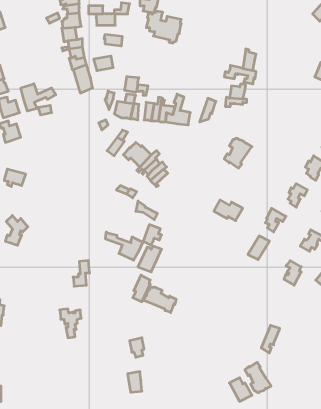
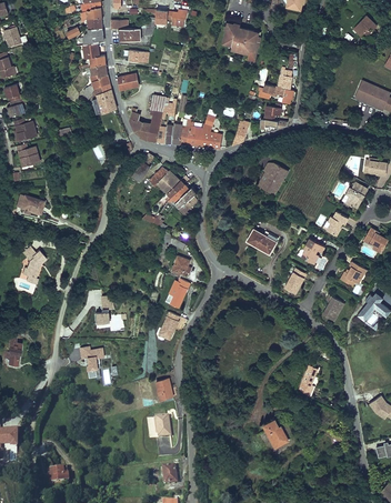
building: [146,11,181,43] -> [222,23,260,58]
building: [21,84,56,111] -> none
building: [106,232,143,260] -> none
building: [144,287,176,313] -> none
building: [245,362,271,393] -> none

